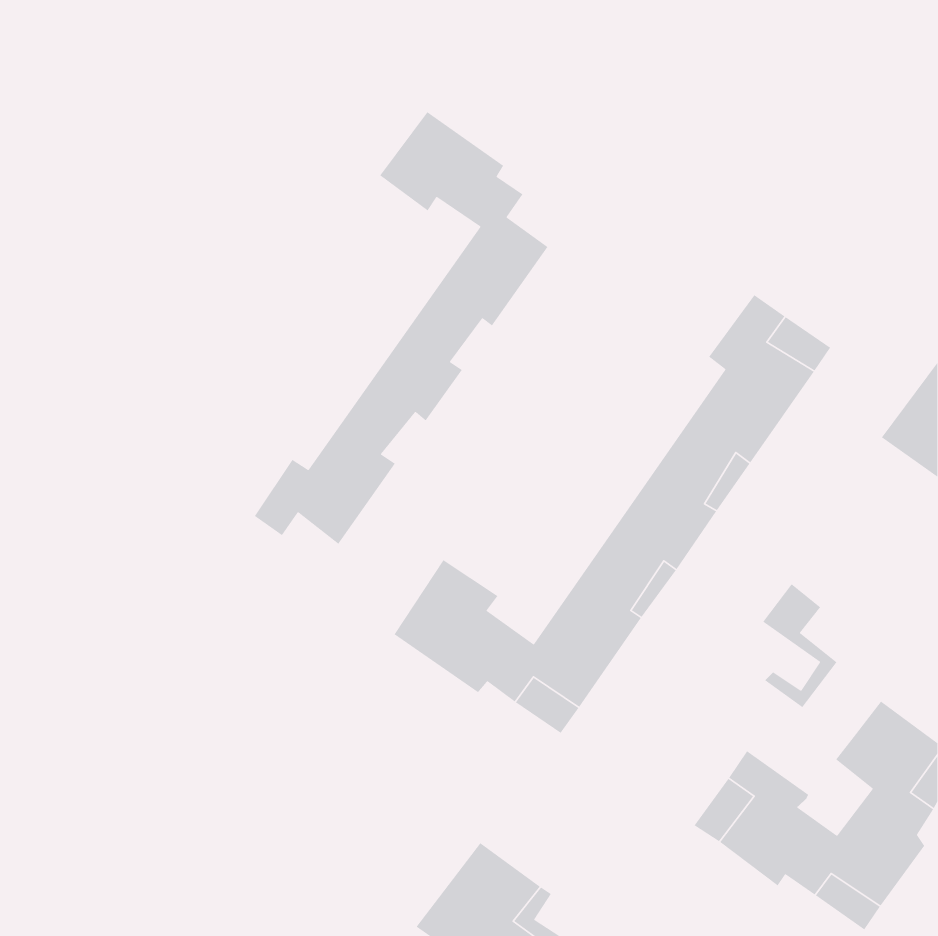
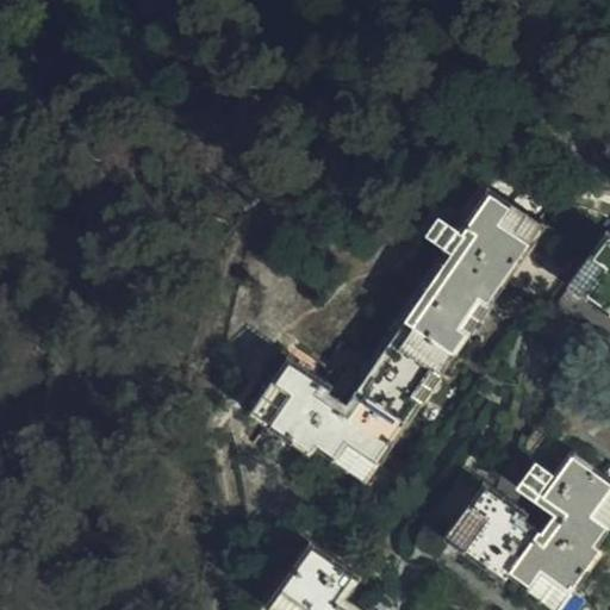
building: [254,111,549,545] -> none
building: none -> [316,219,469,419]
building: [762,583,838,708] -> [516,462,565,543]

